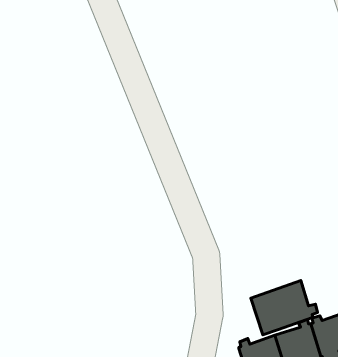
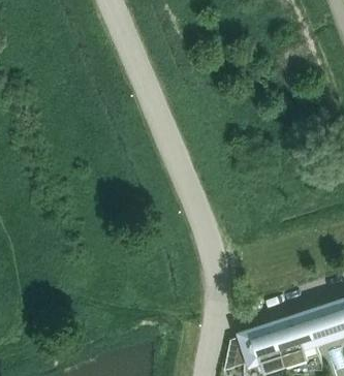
building: [251,281,317,335] -> none

